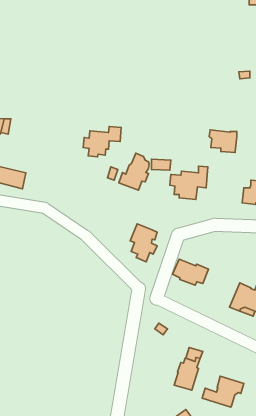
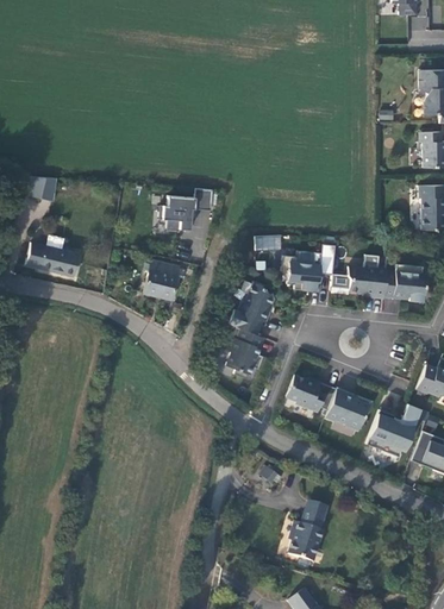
building: [209,130,237,152] -> [348,265,387,297]
building: [119,153,149,190] -> [230,282,273,334]
building: none -> [144,260,180,300]
building: none -> [326,387,374,429]
building: [202,376,244,407] -> none

